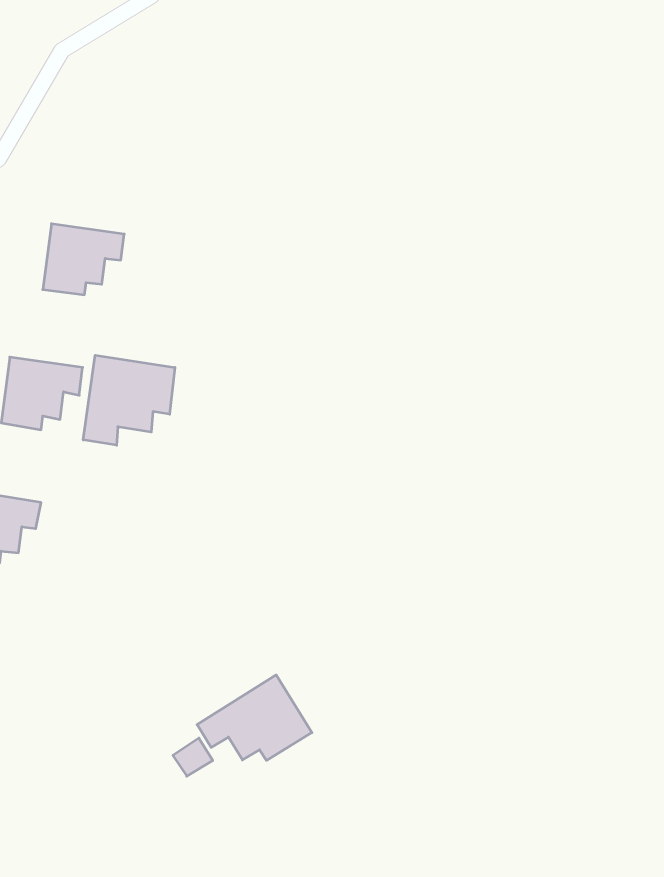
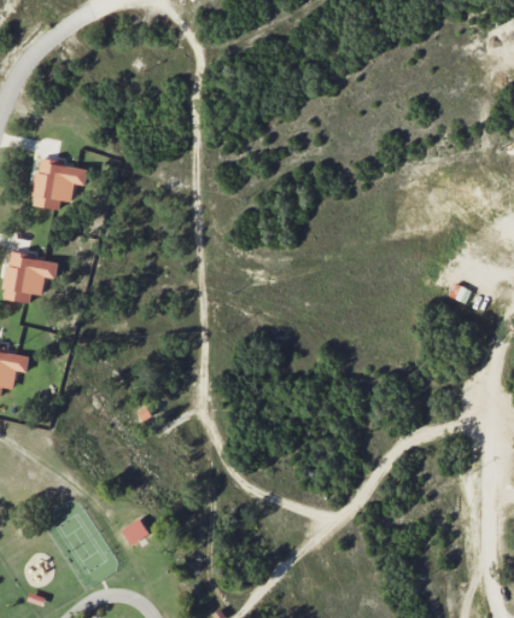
building: [83,355,175,445] -> none
building: [197,675,312,760] -> none

